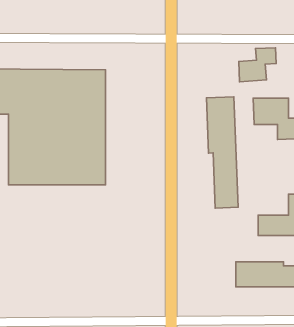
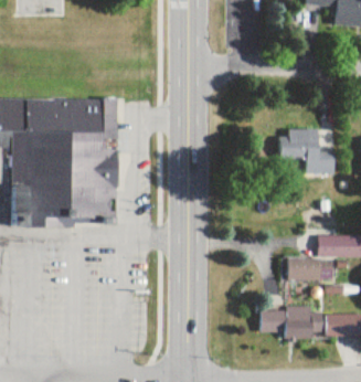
building: [239,48,276,82] -> none
building: [207,97,238,208] -> none

